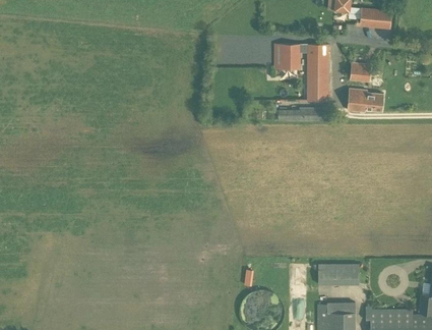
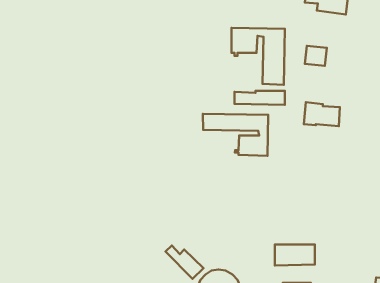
building: [347,88,383,112] -> [304,102,340,126]
building: none -> [203,114,268,156]
building: none -> [165,245,203,279]

